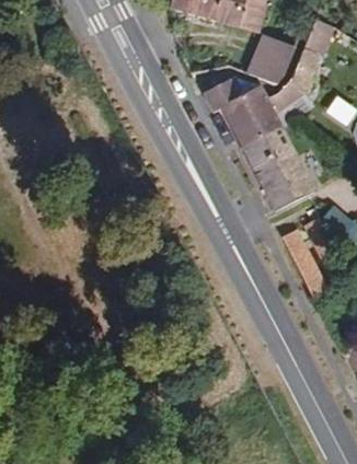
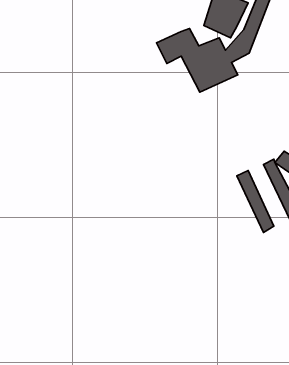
building: [243,125,316,209] -> none

